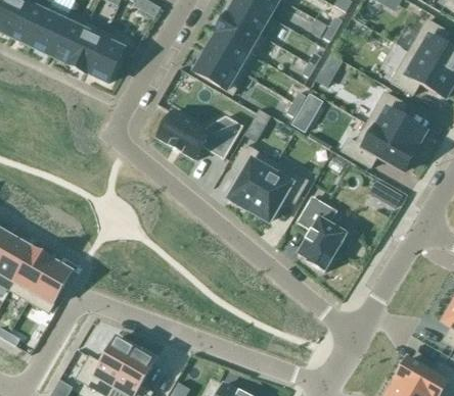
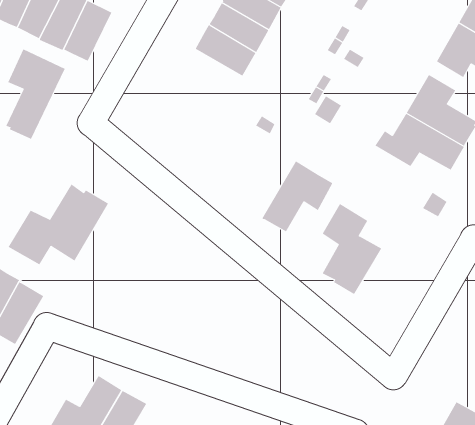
building: none -> [6,48,66,140]
building: [155,110,242,158] -> none
building: [228,143,275,208] -> none
building: none -> [8,184,109,265]

